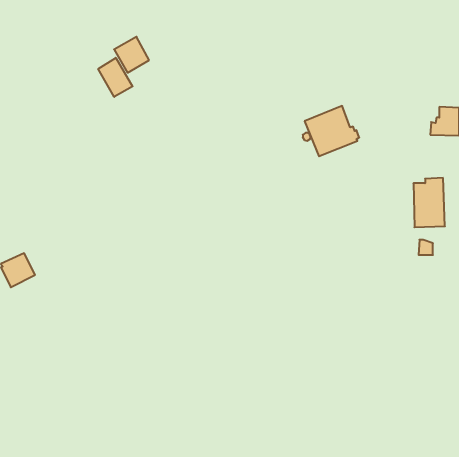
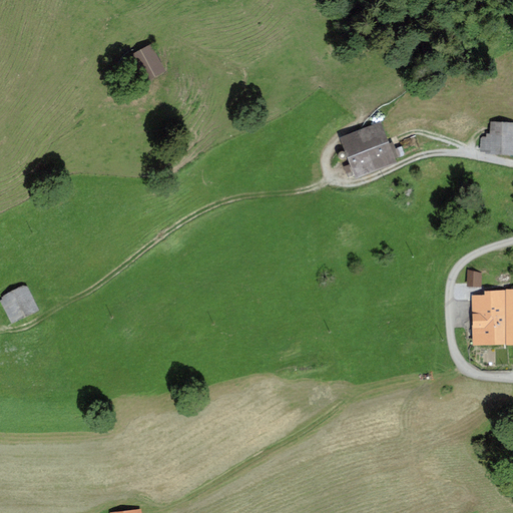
building: [98,58,133,97] -> none
building: [413,178,445,227] -> [472,290,507,345]

